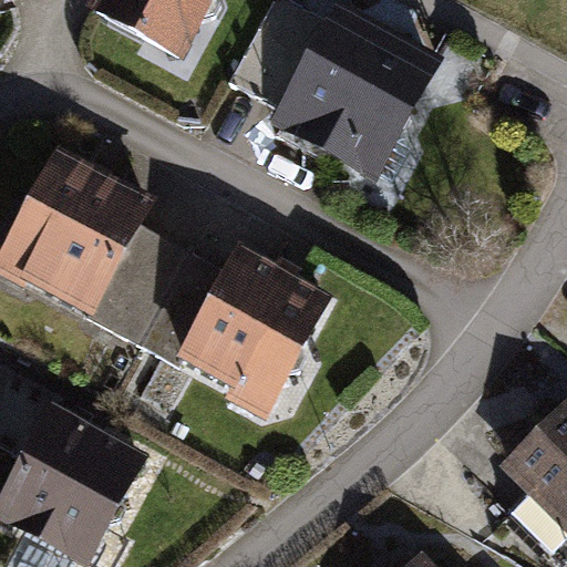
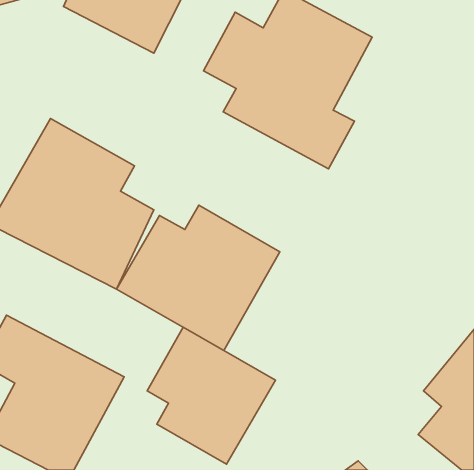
building: none -> [147,327,275,464]

